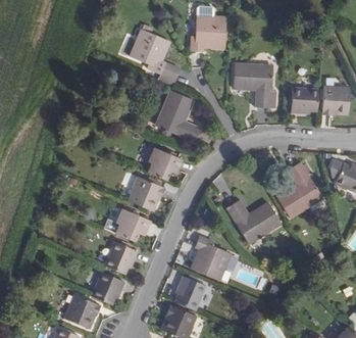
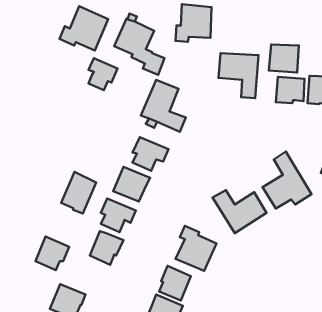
building: none -> [59,6,108,50]
building: none -> [269,45,299,73]
building: none -> [88,58,117,90]
building: none -> [61,172,96,214]
building: [91,272,124,305] -> [35,237,69,270]

